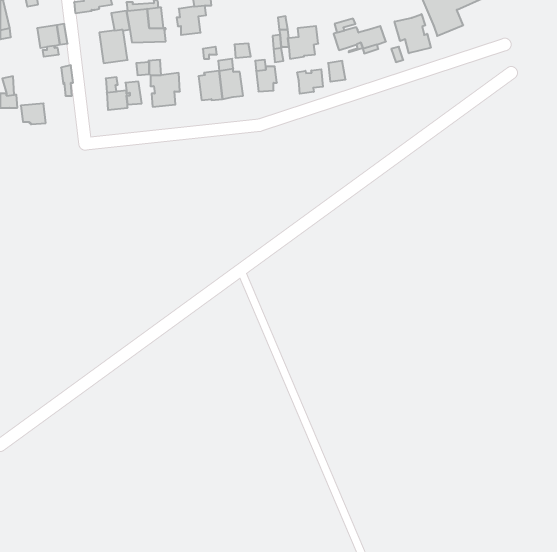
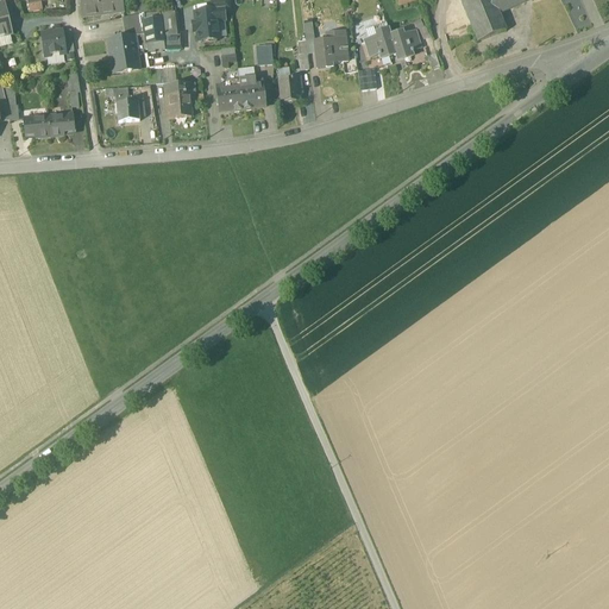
building: [395,14,431,53] -> none
building: [297,69,323,94] -> none
building: none -> [48,111,74,134]

